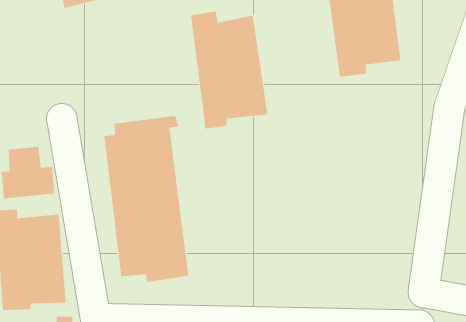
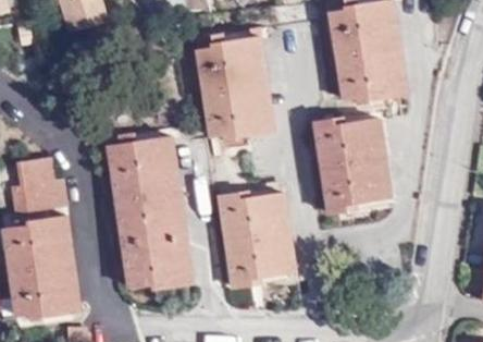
building: none -> [308,105,386,218]
building: none -> [219,185,294,288]

